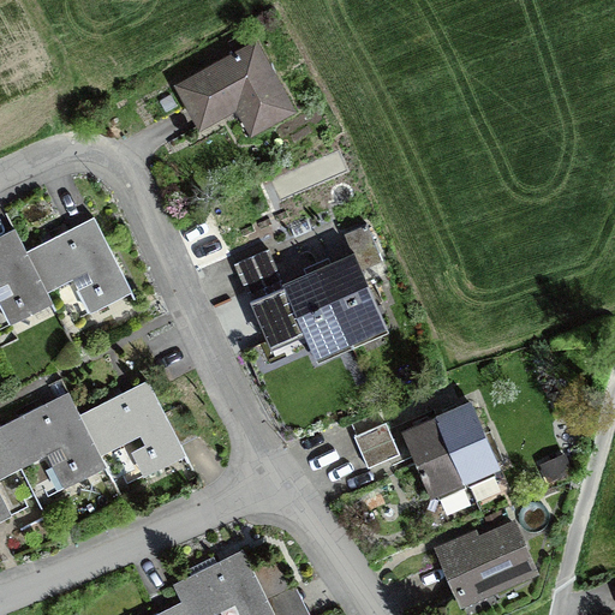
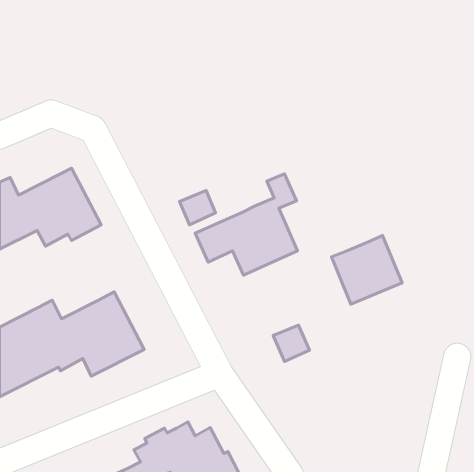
building: [173,40,295,137] -> none
building: [404,408,495,497] -> [331,235,402,304]
building: [432,512,538,609] -> none

